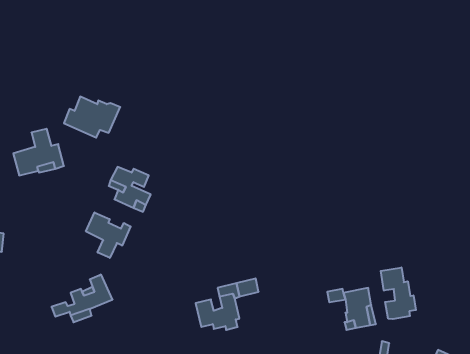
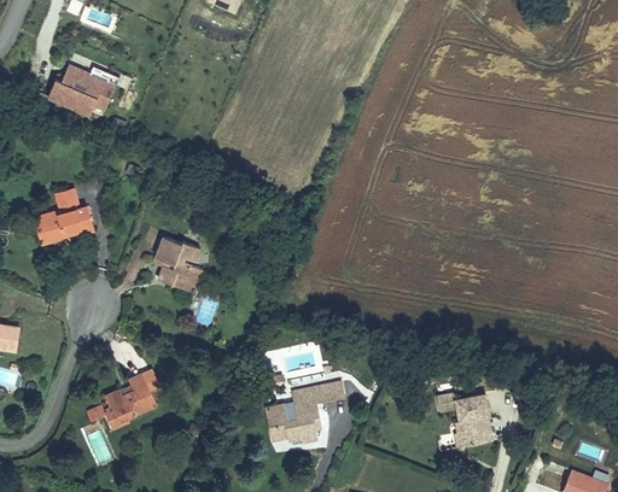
building: [64,97,120,138] -> [45,65,116,117]
building: [86,212,131,258] -> none
building: [381,267,416,319] -> none

